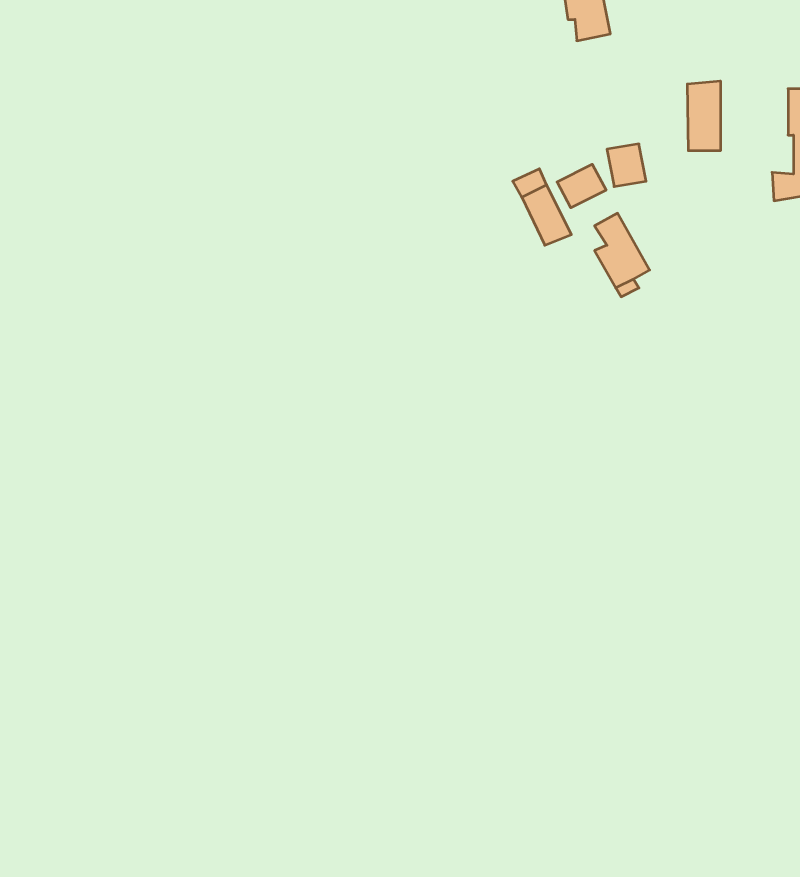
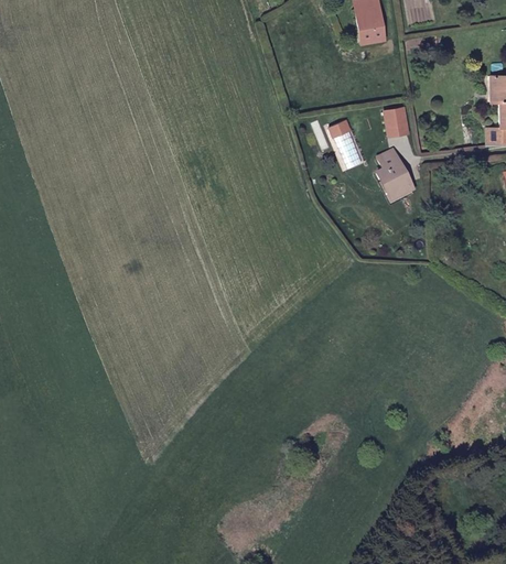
building: [687,81,720,151] -> none
building: [557,164,606,208] -> none

